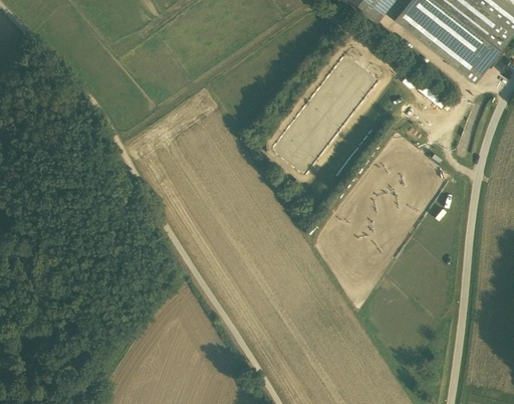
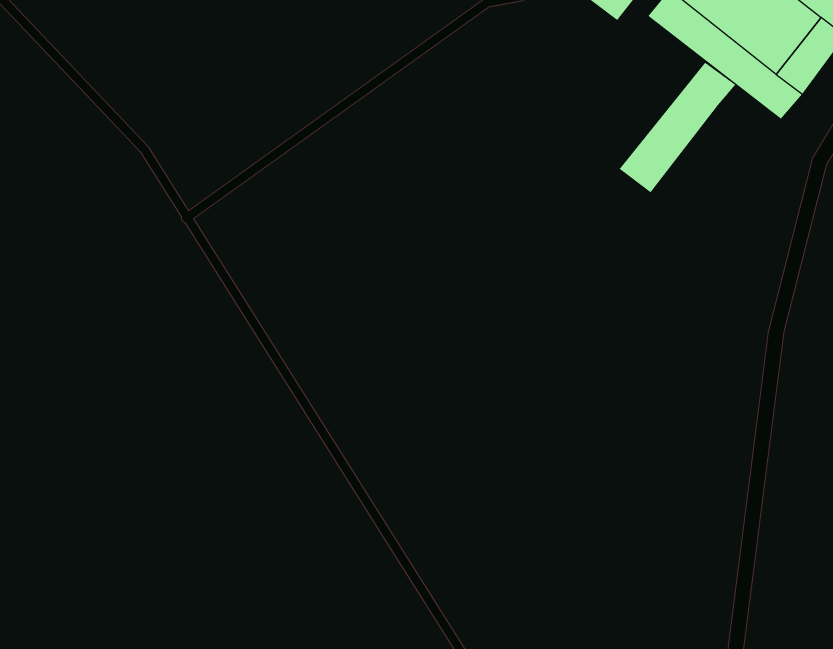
building: none -> [619,62,736,193]

